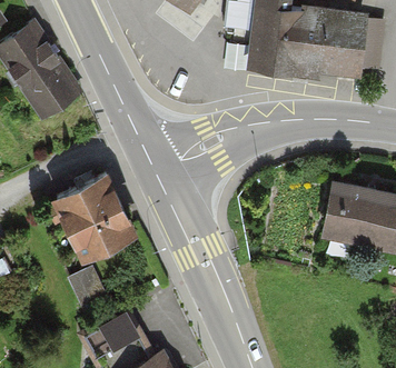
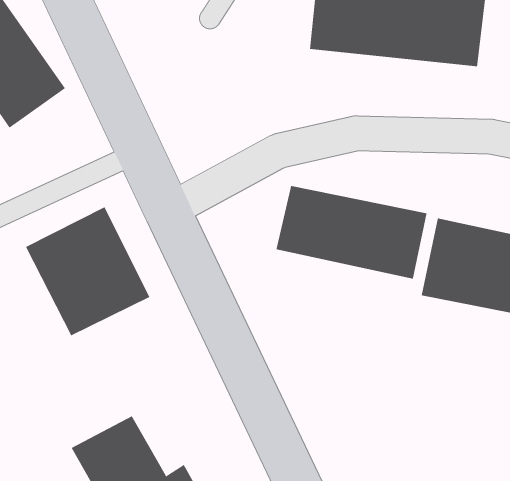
building: none -> [276,185,427,279]
building: [68,260,108,301] -> none

